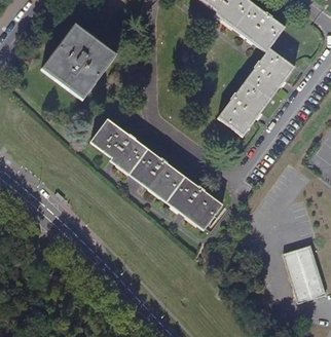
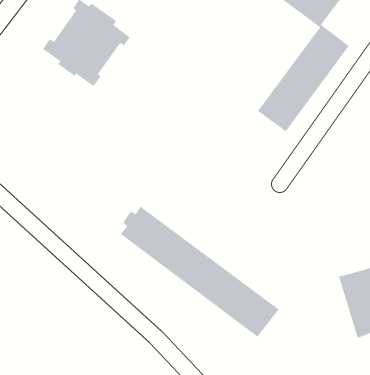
building: [94,121,223,228] -> [120,206,279,337]

